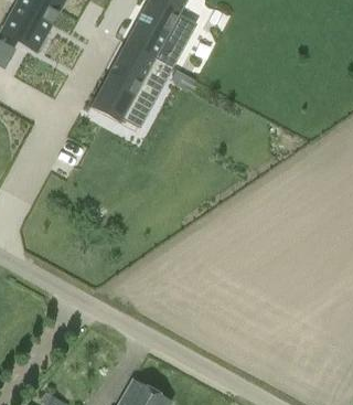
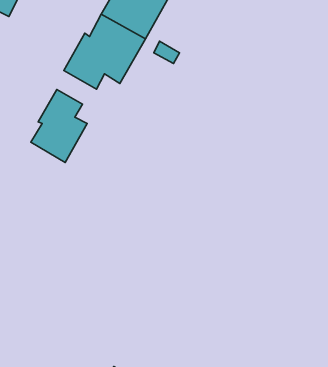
building: none -> [31,89,87,163]

